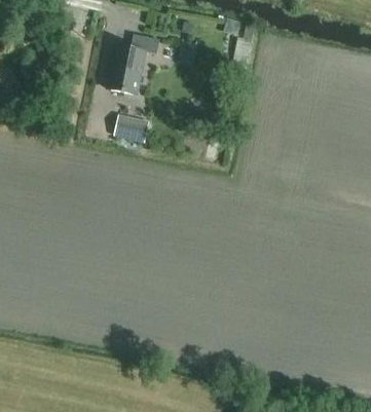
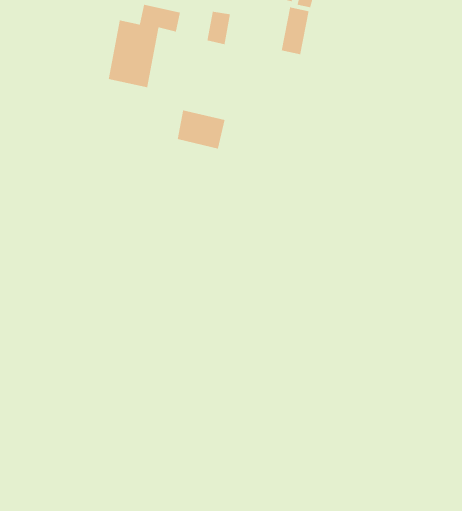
building: [114,113,149,142] -> [177,109,225,150]

